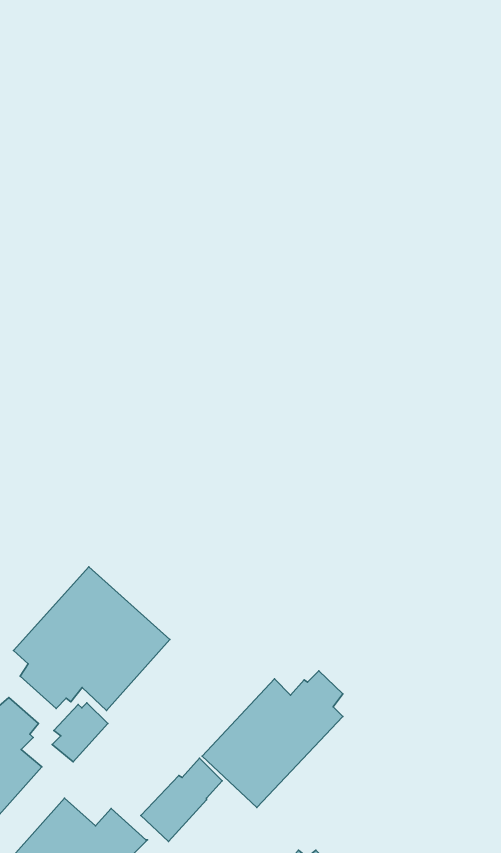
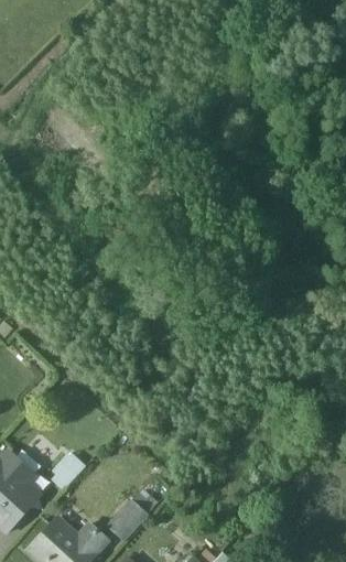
building: [14,567,170,710] -> none
building: [202,671,343,808] -> none

